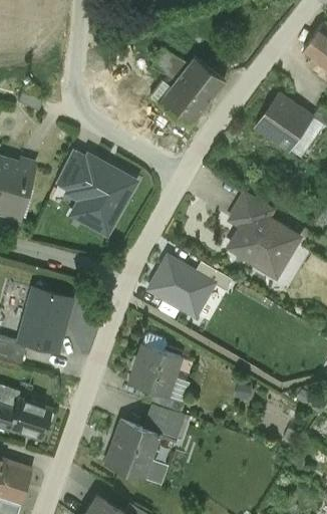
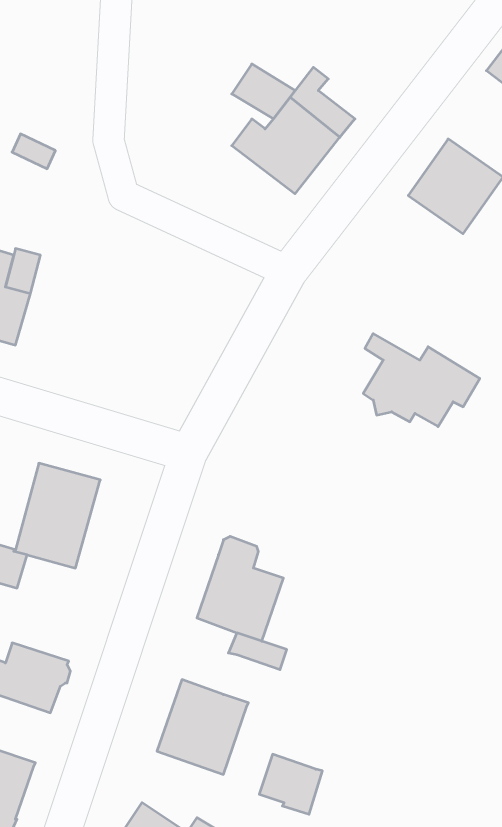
building: [57,152,138,237] -> none
building: [236,192,275,227] -> none
building: [146,253,219,317] -> none
building: [145,405,184,441] -> [259,754,322,814]

